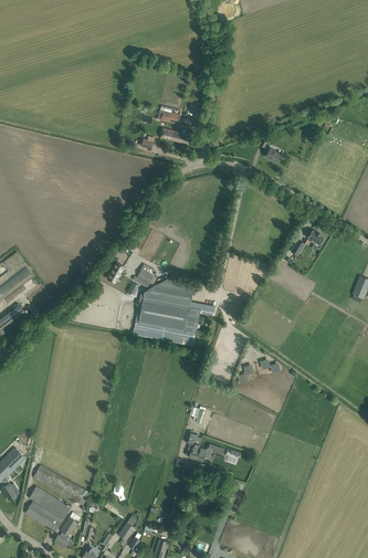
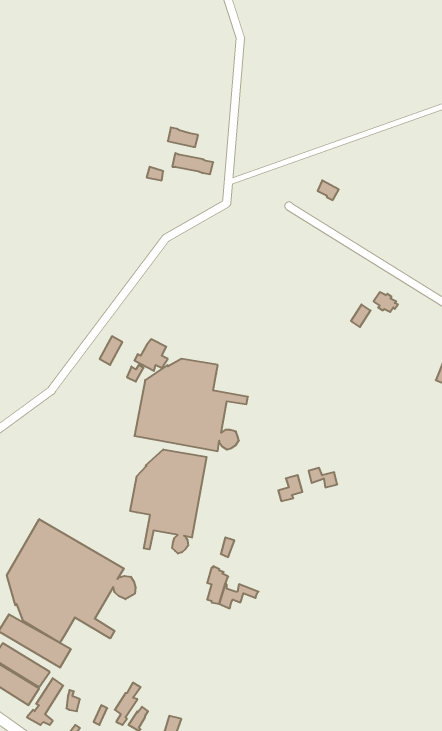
building: none -> [130,449,207,554]
building: none -> [7,519,135,643]

